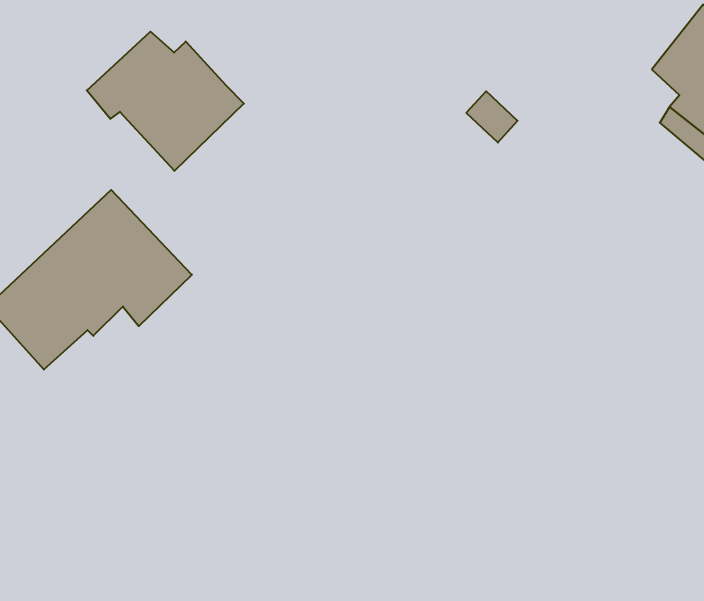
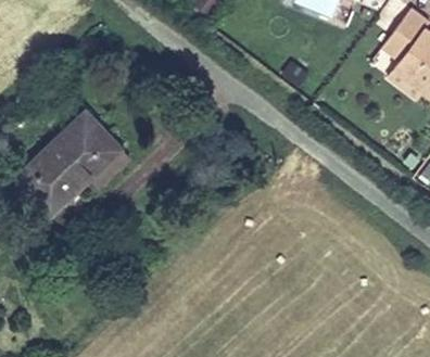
building: [87,32,244,171] -> none

